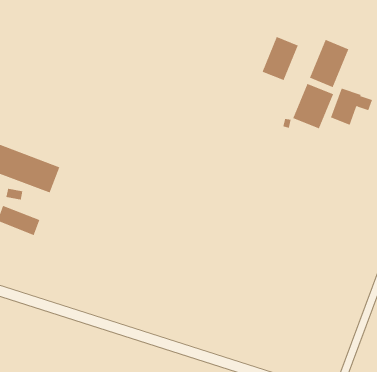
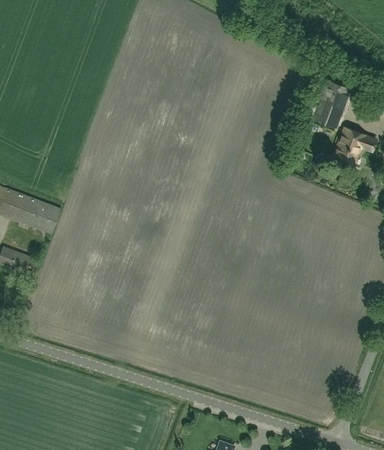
building: [262,36,298,81] -> none
building: [293,83,334,129] -> none

